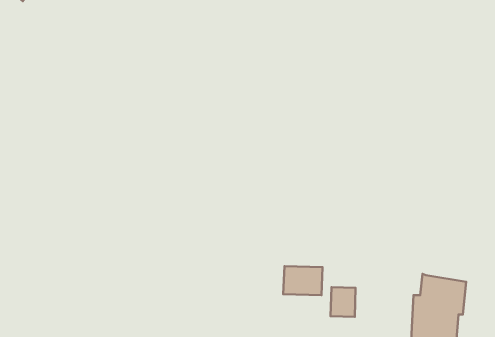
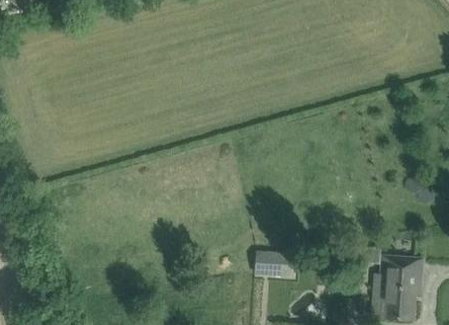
building: [331,287,356,317] -> none

